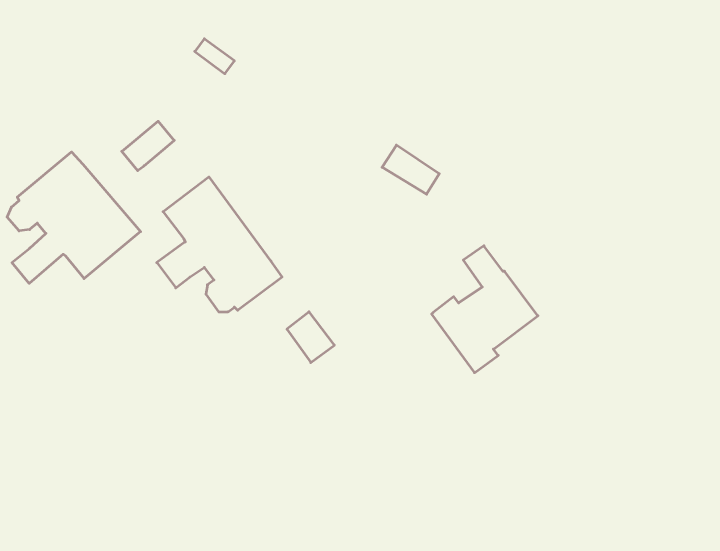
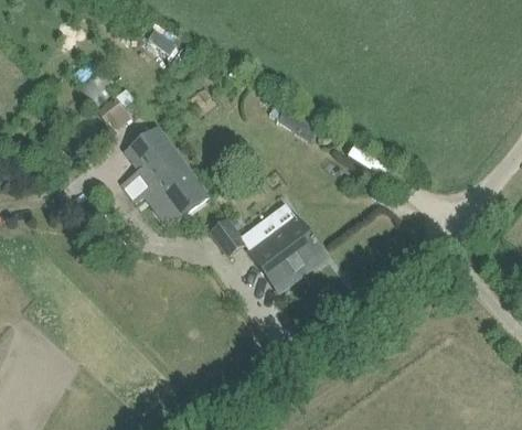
building: [7,152,141,283] -> none
building: [432,246,538,373] -> [248,204,322,292]

